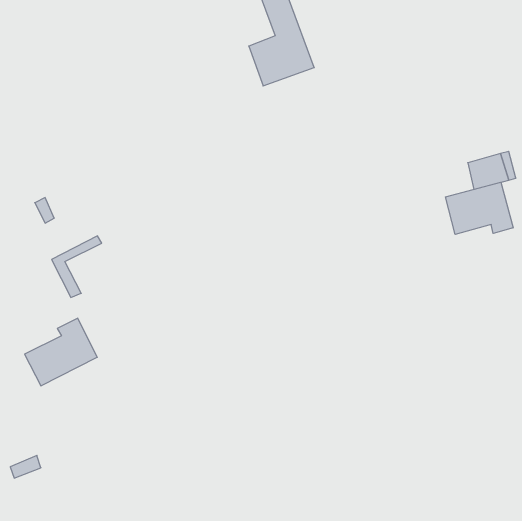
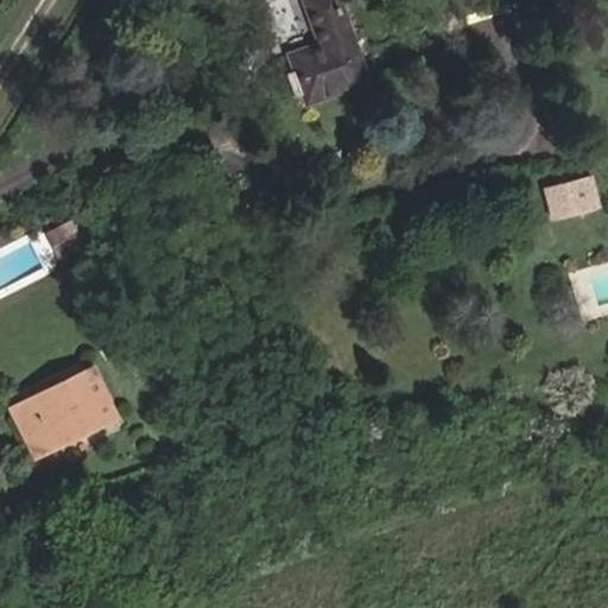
building: [446,182,513,234] -> none
building: [52,236,102,297] -> [14,381,72,452]

